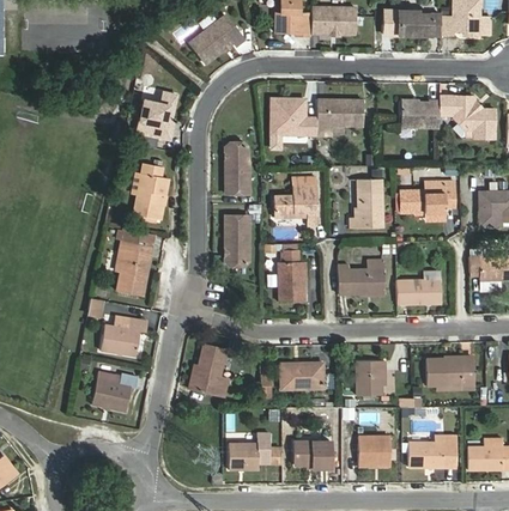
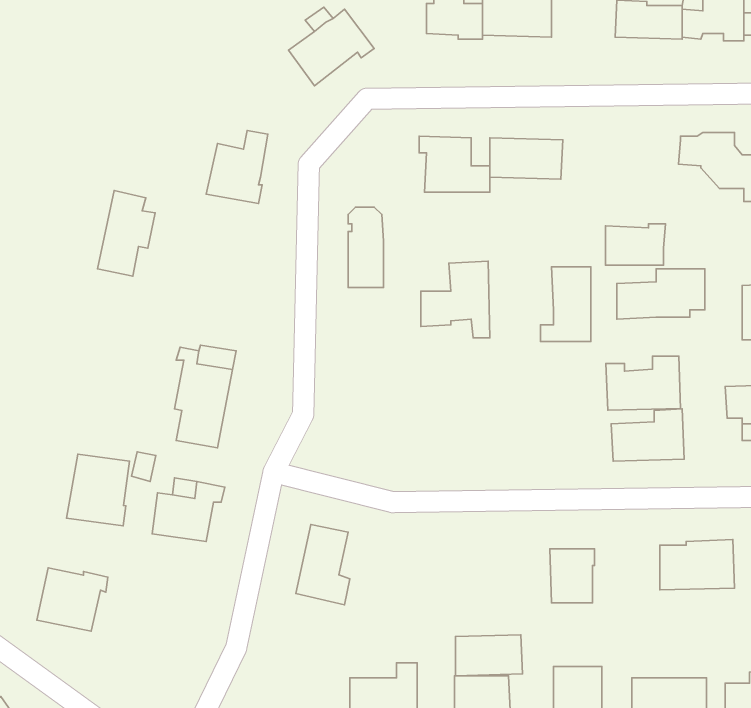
building: [401,98,440,124] -> [606,224,665,265]
building: [132,164,169,219] -> [97,190,155,276]
building: [226,214,249,264] -> none
building: [277,249,304,303] -> none
building: [337,260,384,294] -> [606,356,681,410]
building: none -> [66,454,130,526]
building: [280,363,323,389] -> [455,635,523,676]
building: [91,371,137,412] -> [37,568,108,631]

